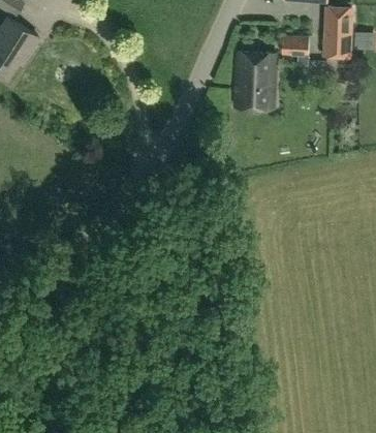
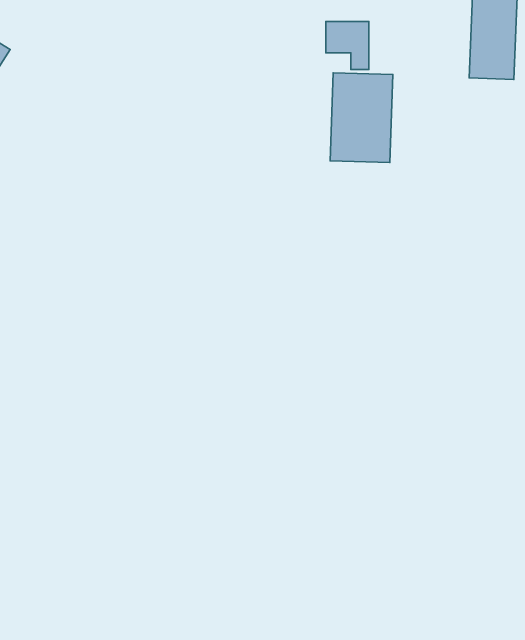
building: [282,35,309,65] -> [326,21,369,70]

